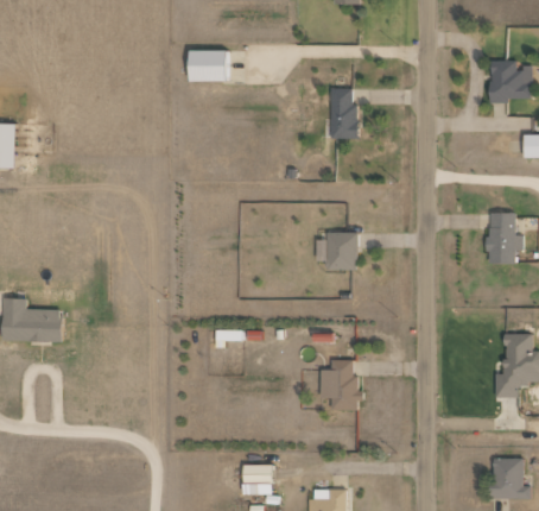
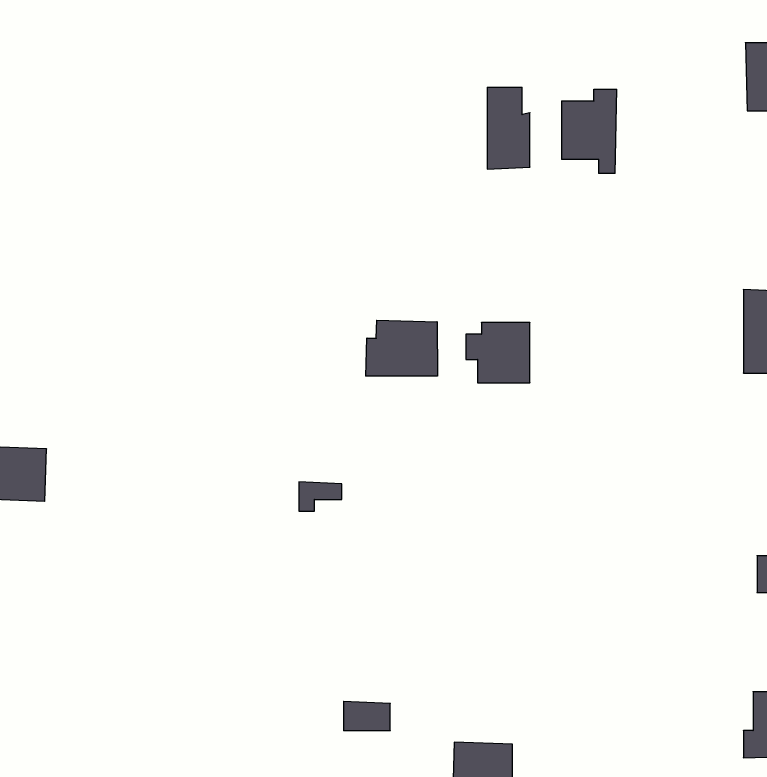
building: [189,50,226,82] -> none
building: none -> [562,89,617,173]
building: none -> [366,320,437,376]
building: [321,360,363,411] -> none

